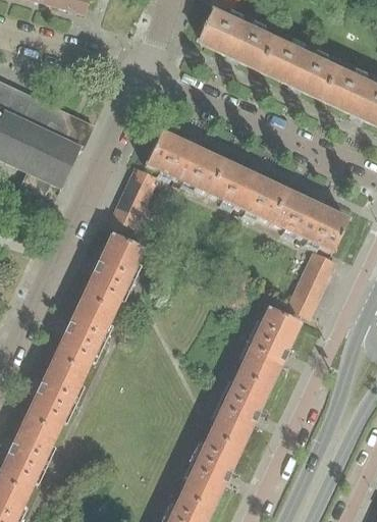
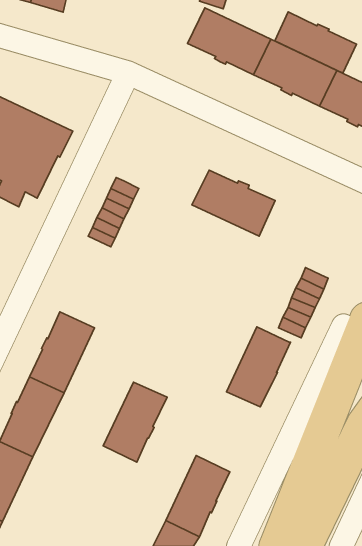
building: none -> [275,12,356,73]
building: [145,132,223,194] -> none
building: [270,190,347,253] -> none
building: [83,233,144,310] -> none
building: [211,370,271,446] -> [103,382,167,462]

